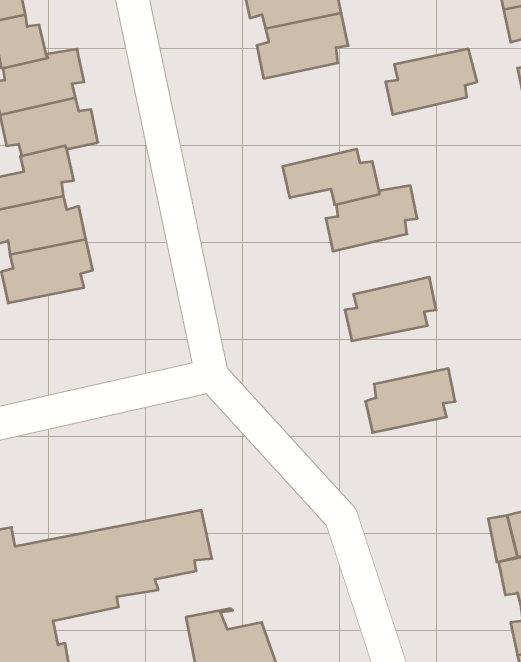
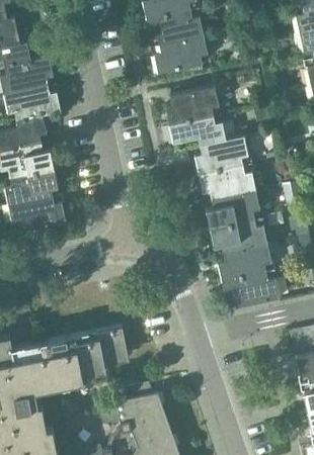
building: [386,49,477,115] -> [165,87,219,125]
building: none -> [199,165,255,200]
building: none -> [8,196,65,232]
building: none -> [210,218,266,253]
building: none -> [222,272,279,307]

